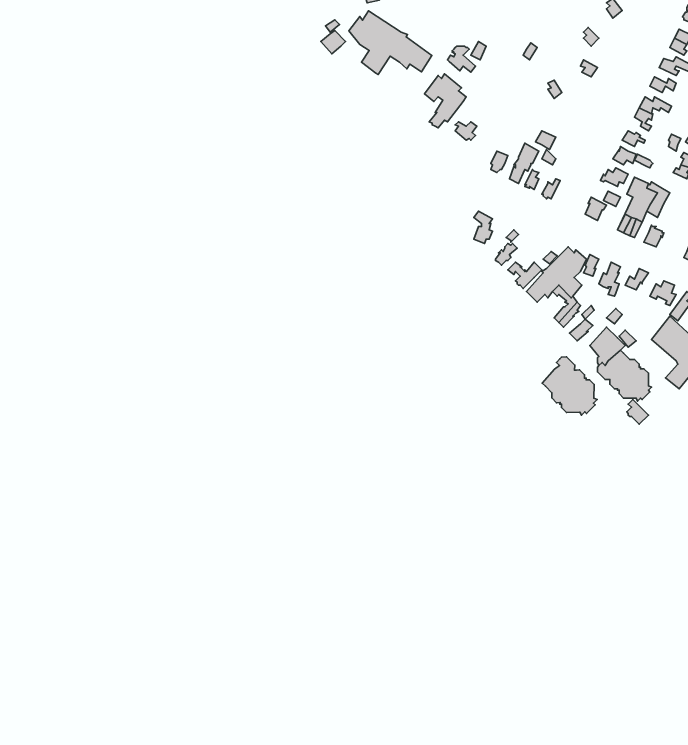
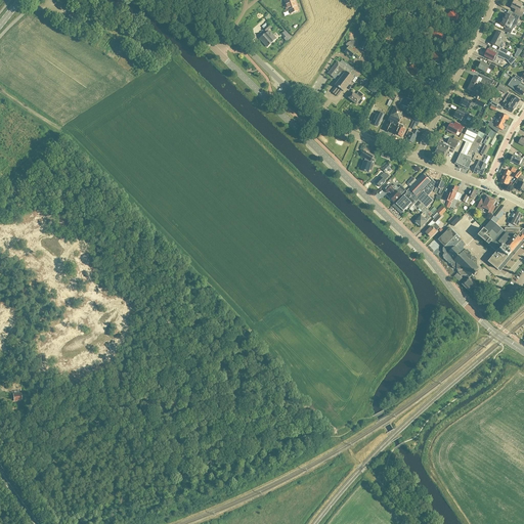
building: [349,11,432,75] -> none
building: [542,357,597,415] -> none

